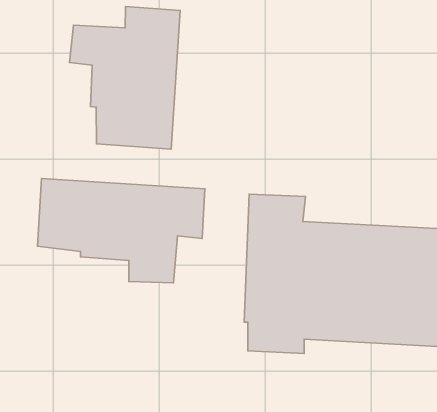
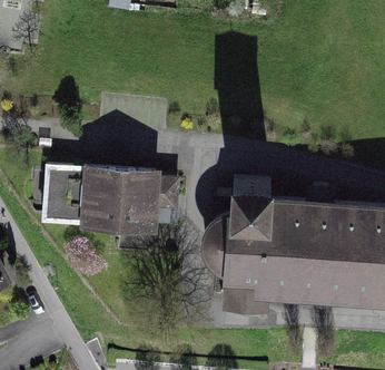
building: [69,6,180,149] -> none

